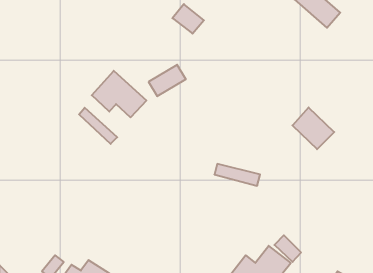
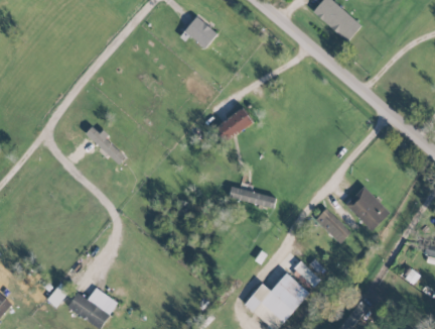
building: [149,65,186,96] -> [214,108,254,141]
building: [92,71,146,117] -> none
building: [292,107,334,149] -> [346,186,391,230]
building: none -> [315,208,350,243]

